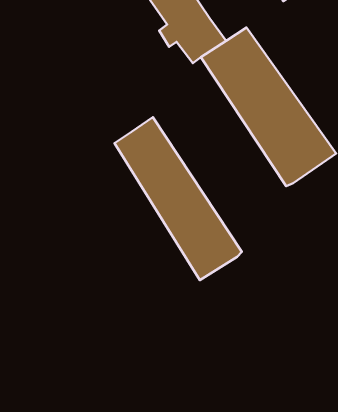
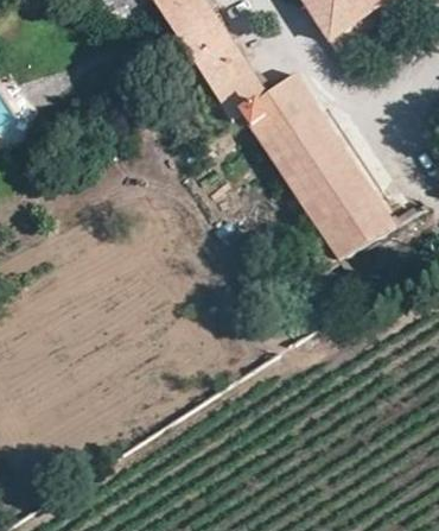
building: [114,117,242,280] -> none

